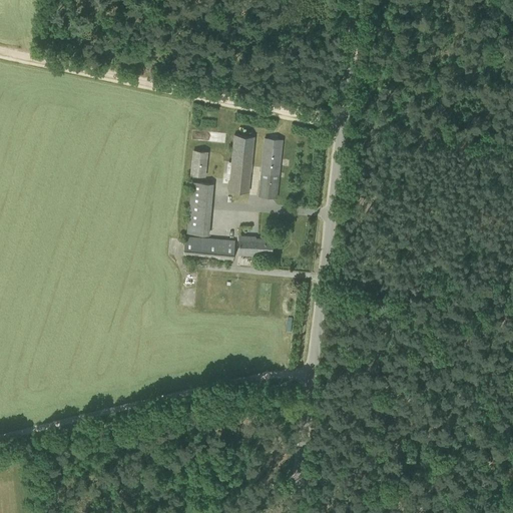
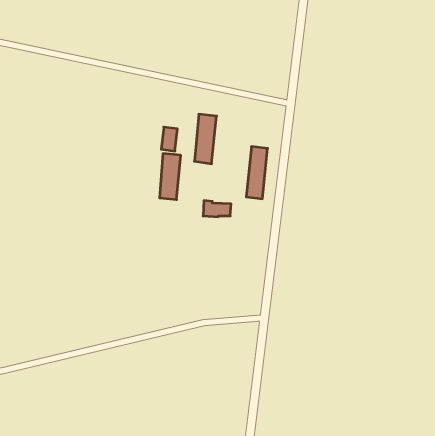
building: [259,137,284,198] -> [246,147,268,199]
building: [184,236,235,261] -> none

